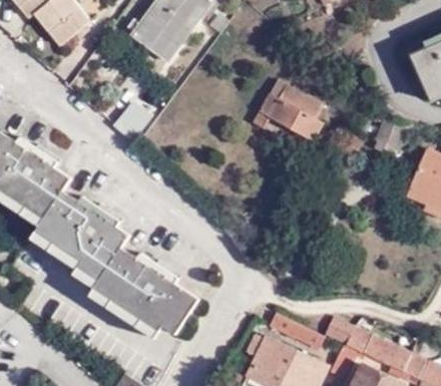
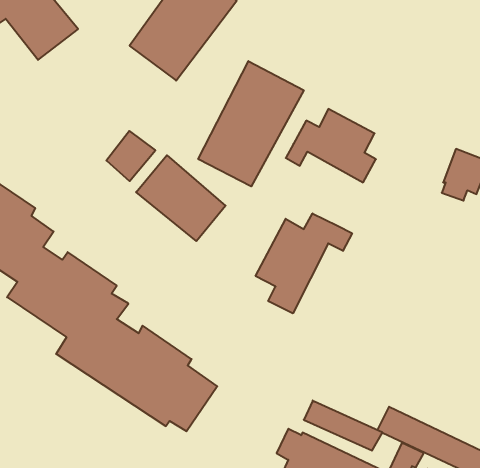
building: none -> [198,61,304,186]
building: none -> [136,155,226,241]
building: none -> [256,213,352,313]

